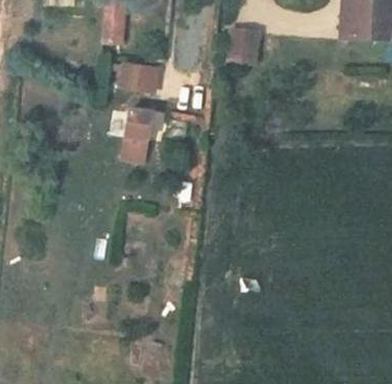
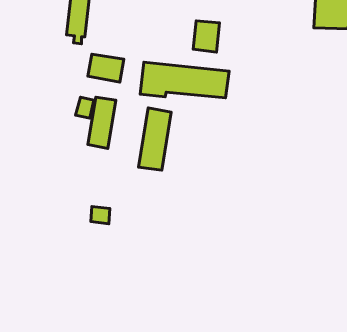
building: none -> [140,62,229,98]
building: none -> [138,108,171,170]

